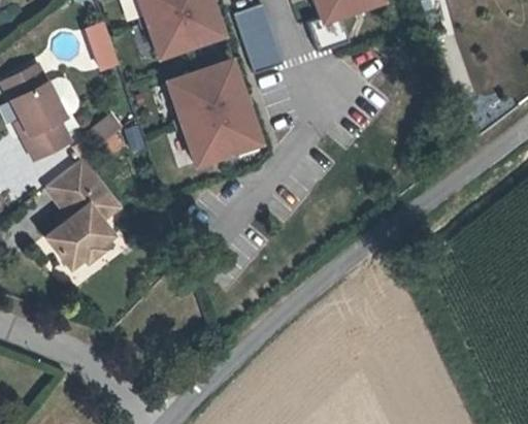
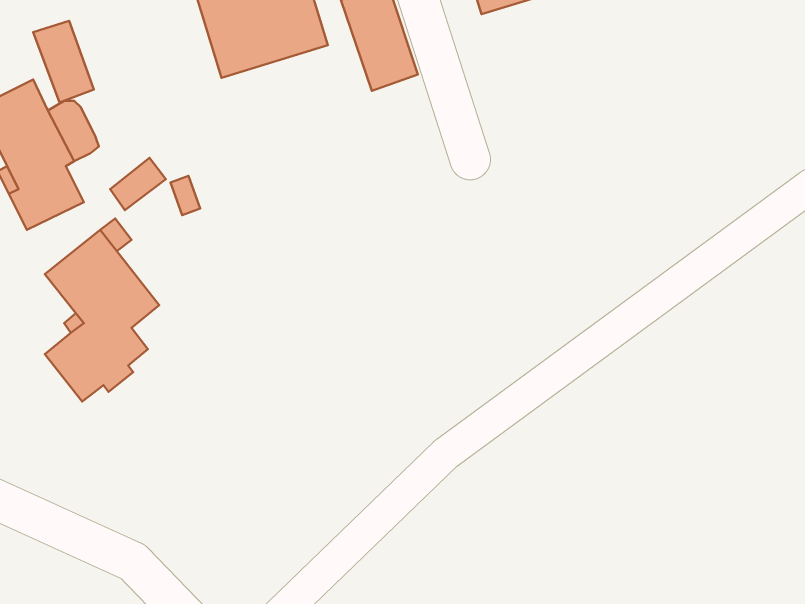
building: [81,20,120,71] -> [33,21,94,103]
building: [168,64,258,159] -> none

